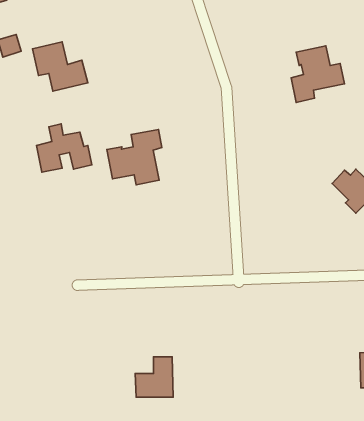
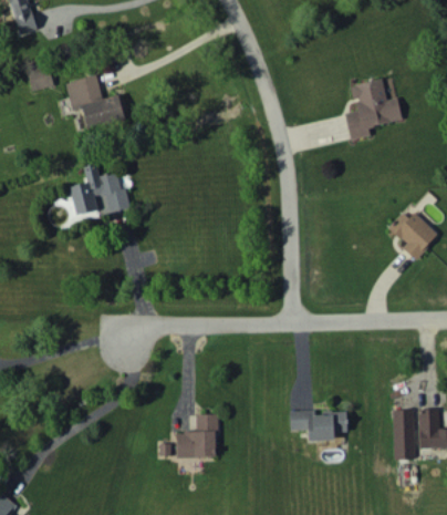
building: [107,129,162,185] -> none
building: none -> [289,410,346,441]
building: none -> [393,410,415,460]

